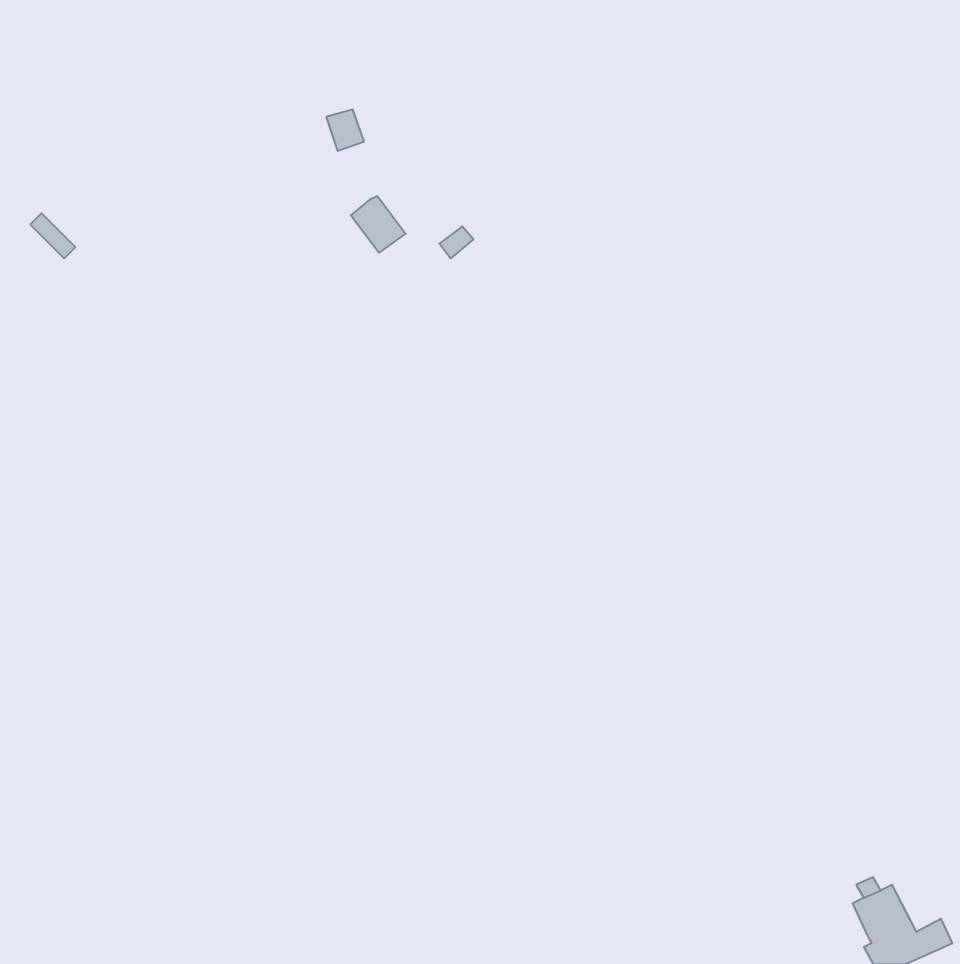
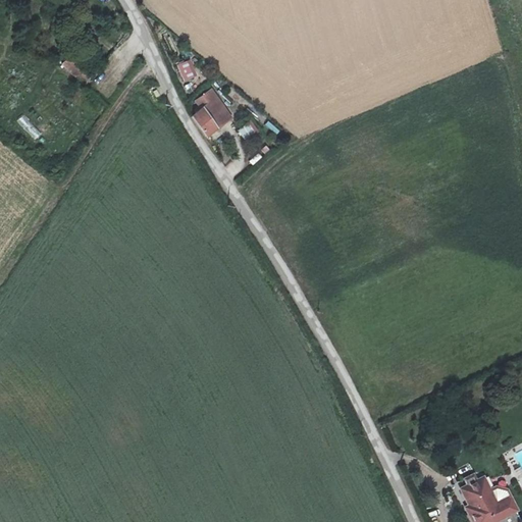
building: none -> [197,90,232,126]

